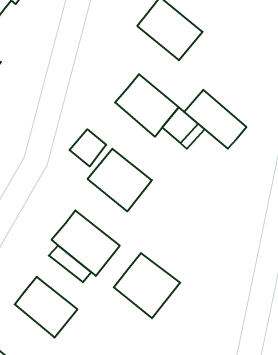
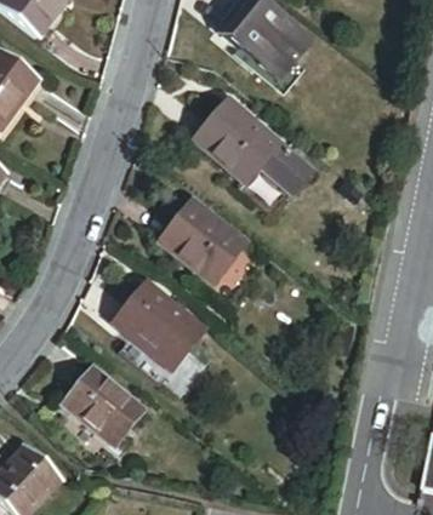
building: [184,90,246,149] -> none
building: [69,129,106,166] -> none
building: [114,253,180,318] -> none

